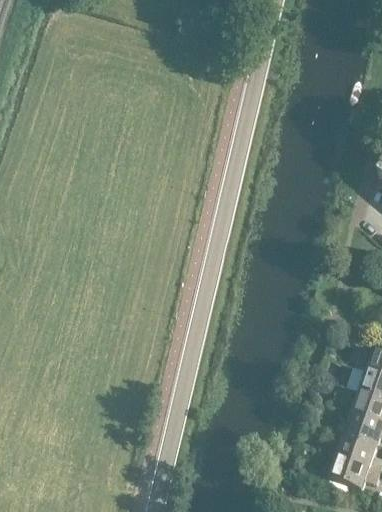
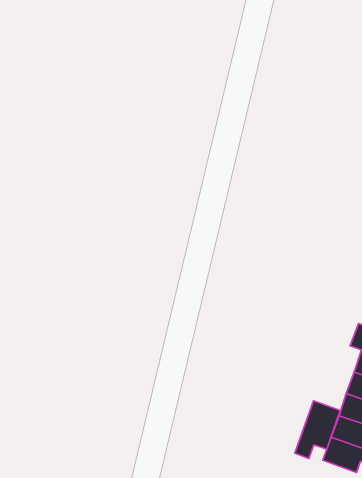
building: none -> [295,401,340,458]

